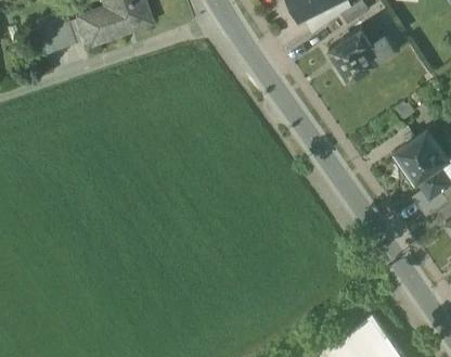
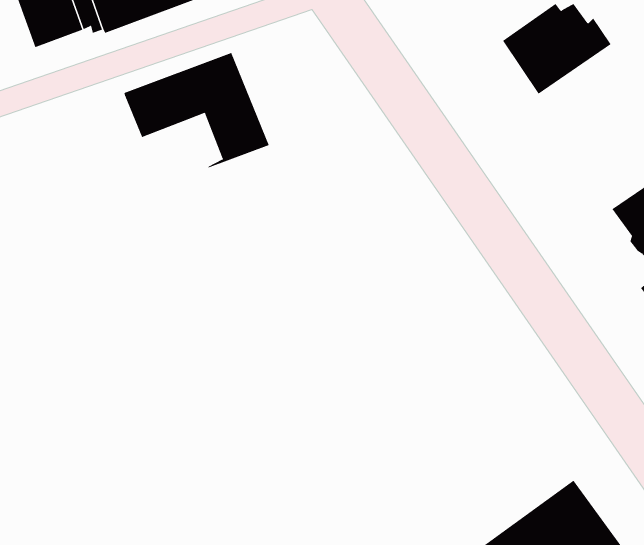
building: none -> [124,52,269,169]

